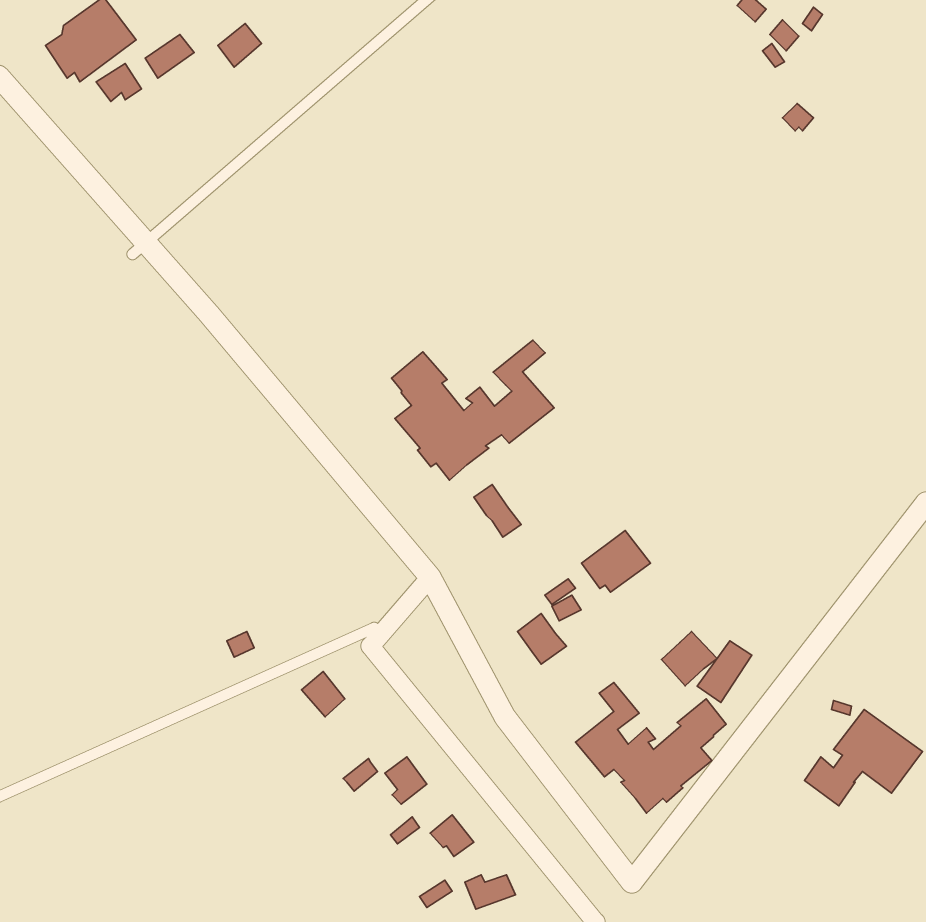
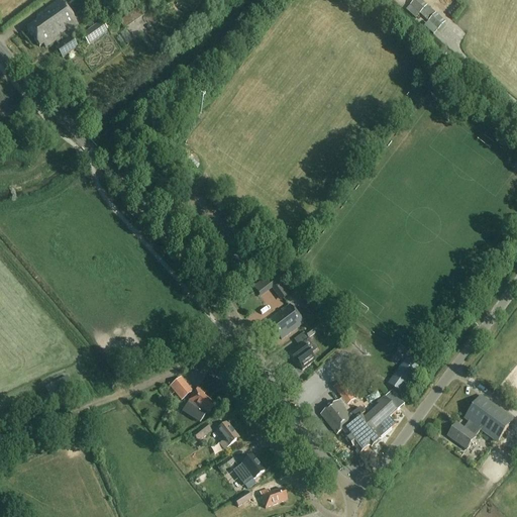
building: [391,340,554,480] -> none
building: [582,531,651,592] -> [265,303,303,337]
building: [661,631,717,686] -> none
building: none -> [183,385,214,417]

